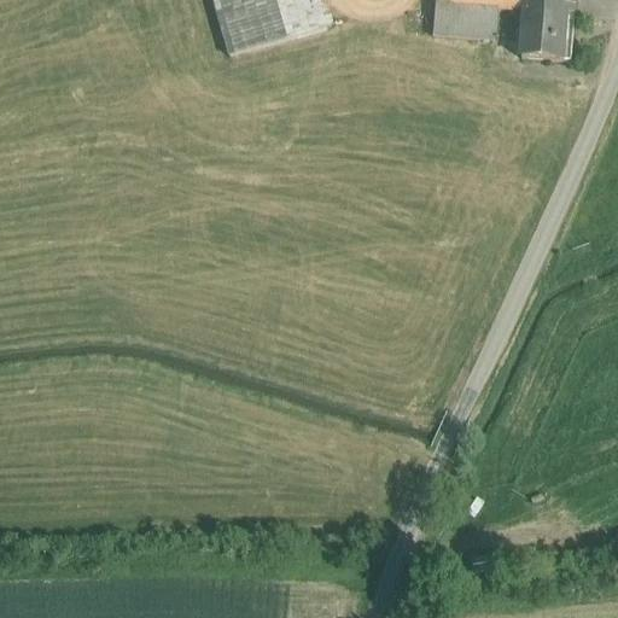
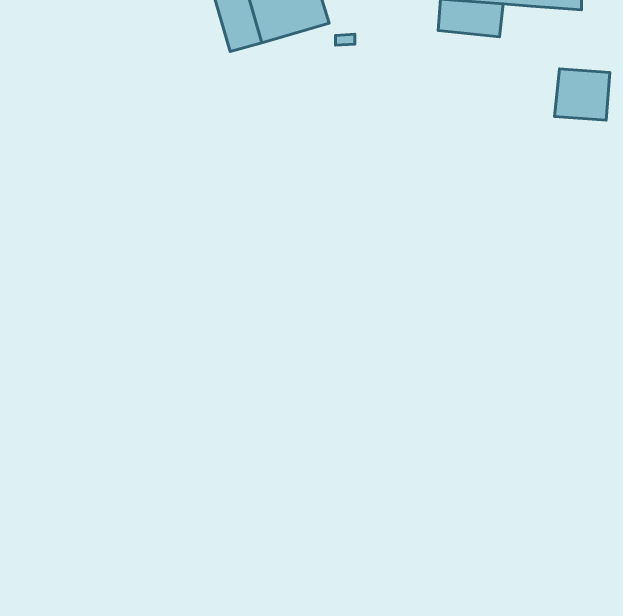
building: [519,6,573,57] -> [555,69,610,120]

